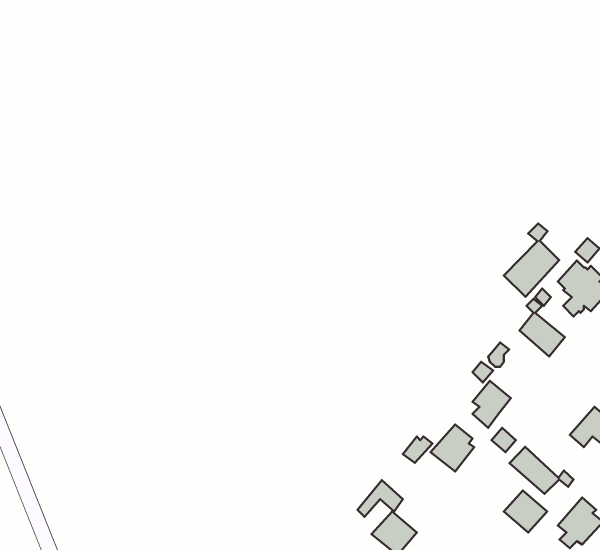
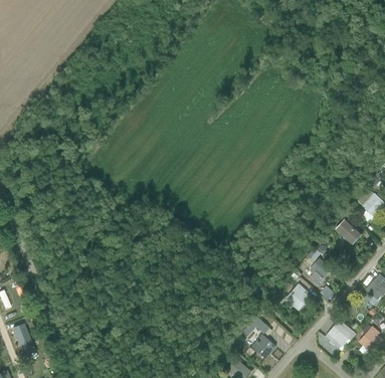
building: [504,224,559,297] -> none
building: [509,447,574,494] -> none

